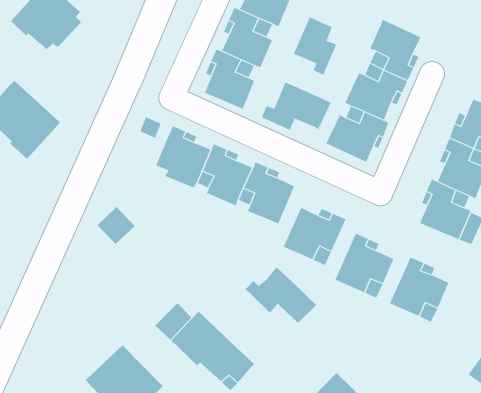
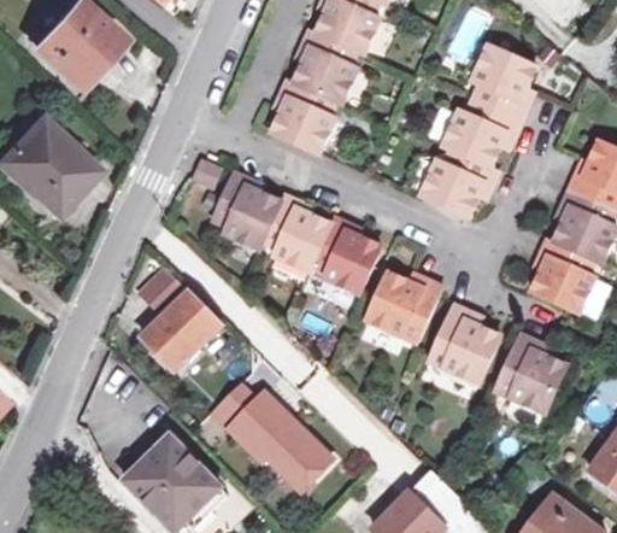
building: [293,16,337,75] -> none
building: [261,82,331,131] -> none
building: none -> [142,295,222,373]
building: [245,267,317,323] -> none

